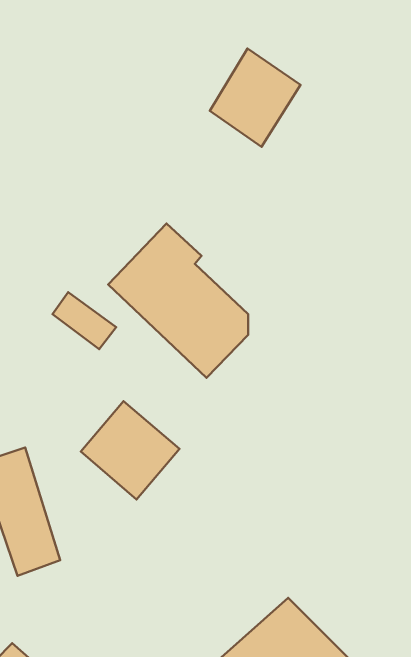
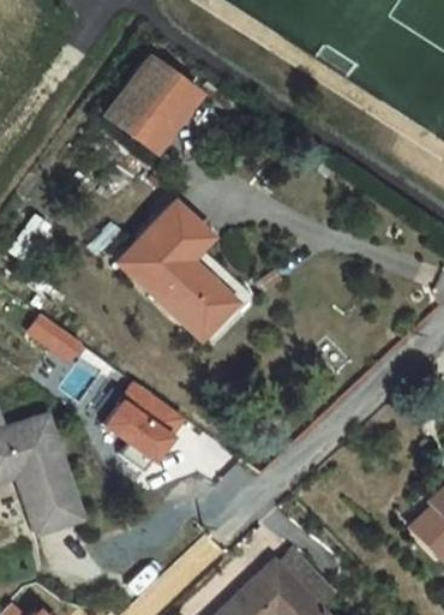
building: [210,49,301,147] -> [109,64,193,155]
building: [53,292,116,349] -> [25,308,84,360]

